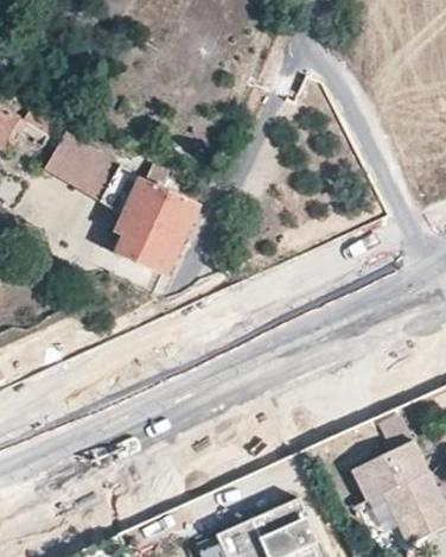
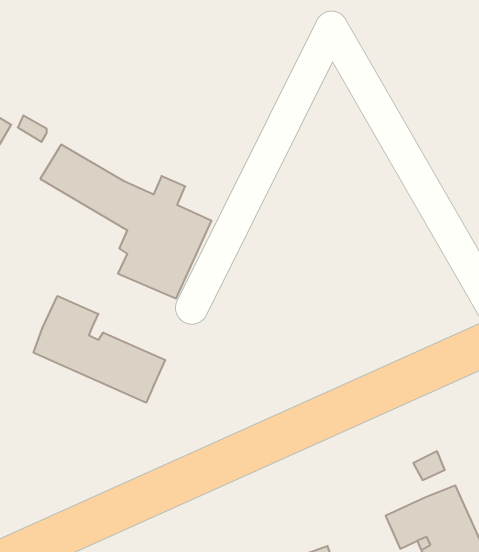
building: none -> [34,296,165,403]

